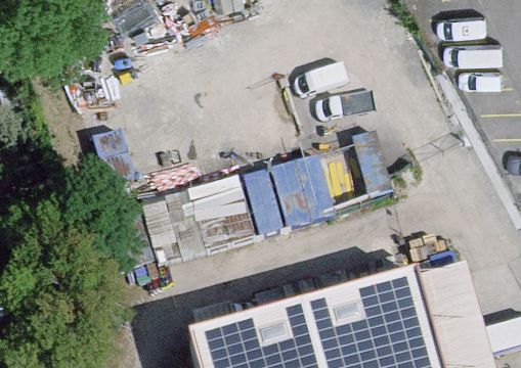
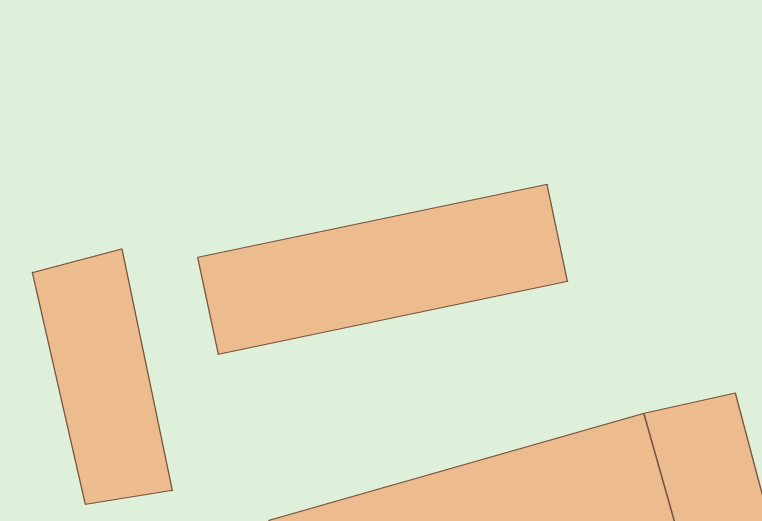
building: none -> [33,249,172,504]

